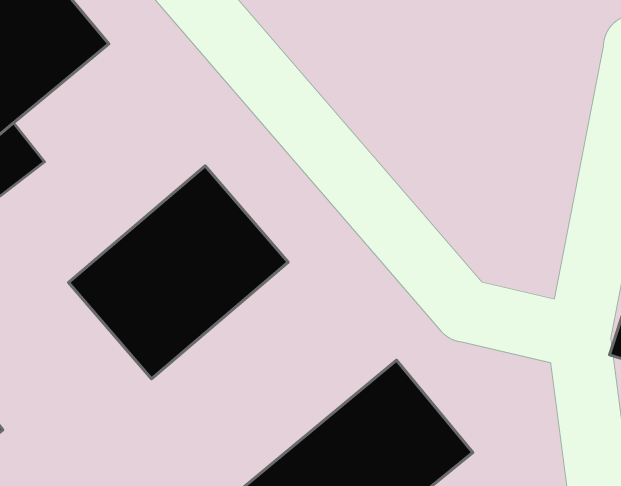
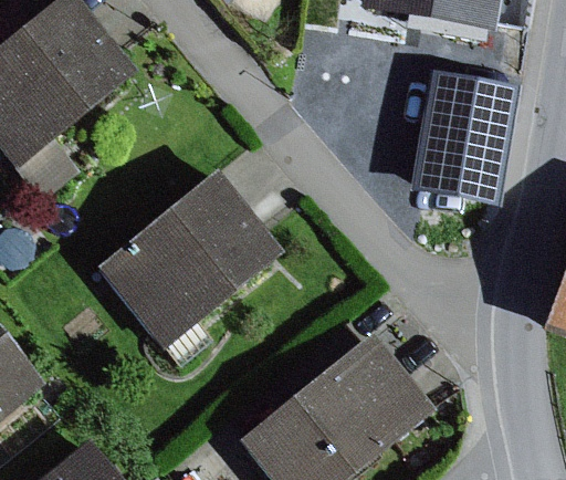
building: none -> [413,71,520,204]

